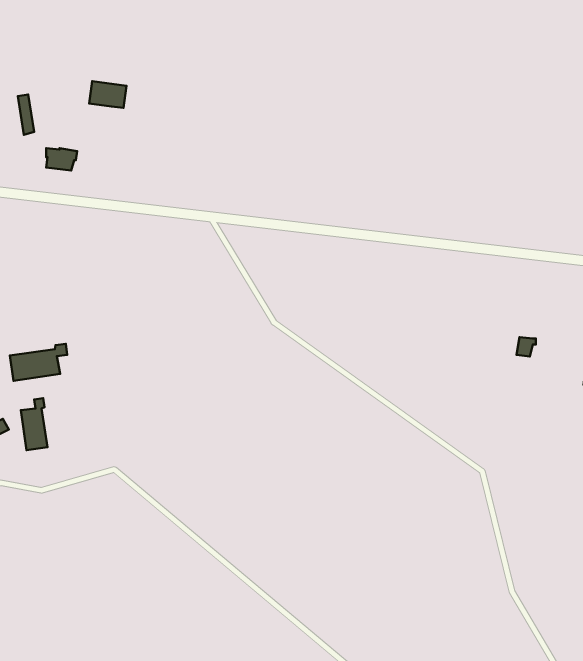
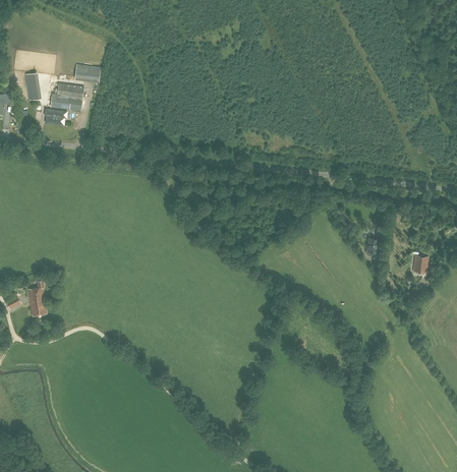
building: none -> [55,82,89,110]
building: [10,344,67,381] -> none

